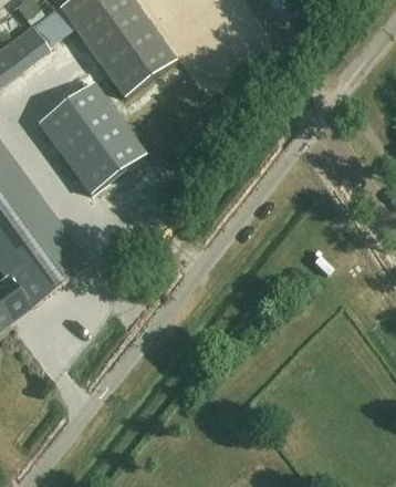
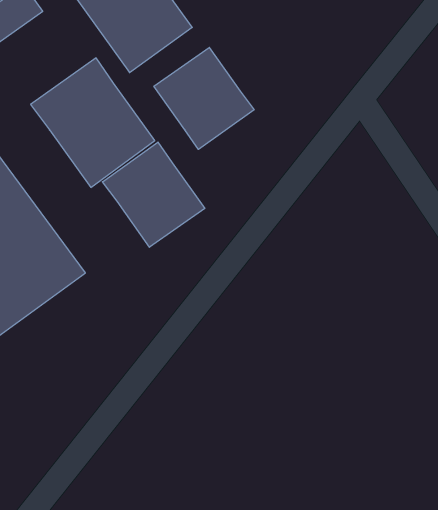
building: none -> [154,47,254,149]
building: none -> [102,142,205,247]

